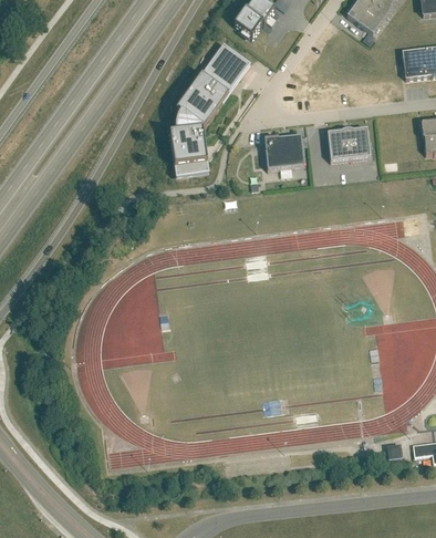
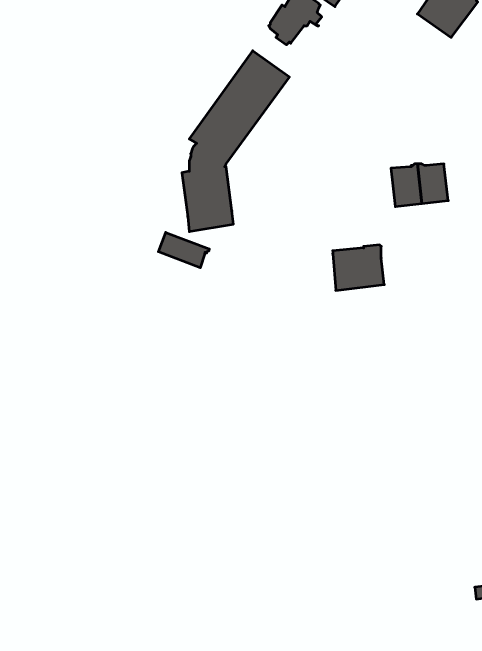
building: [264,134,303,168] -> [333,245,384,290]
building: none -> [158,232,209,268]

